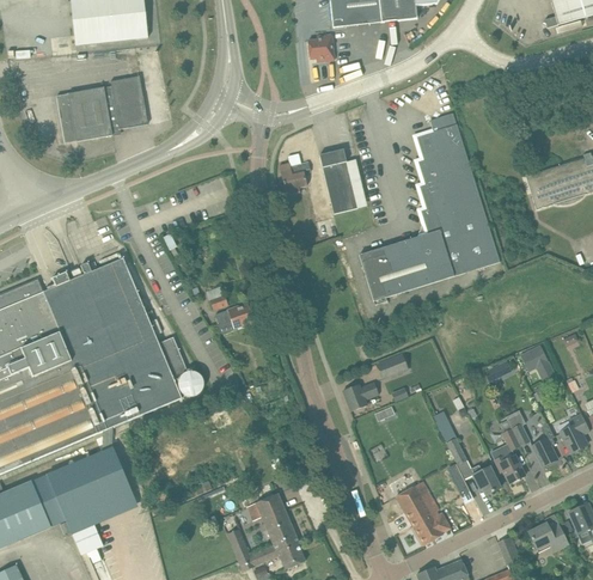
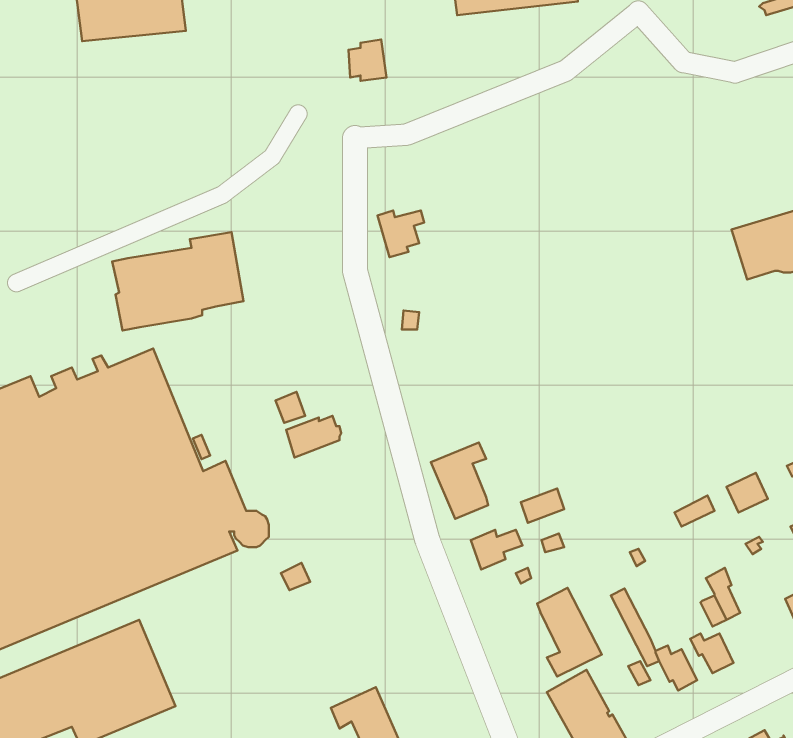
building: [308,32,335,61] -> [348,39,386,81]
building: [57,74,148,142] -> [112,232,243,331]
building: [359,111,500,300] -> none
building: [319,147,357,213] -> none
building: none -> [431,442,488,519]
building: [532,421,558,465] -> none
building: none -> [537,588,602,677]

